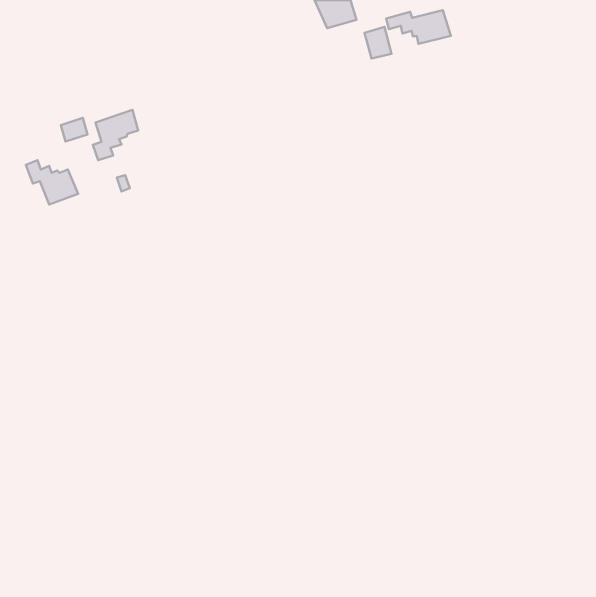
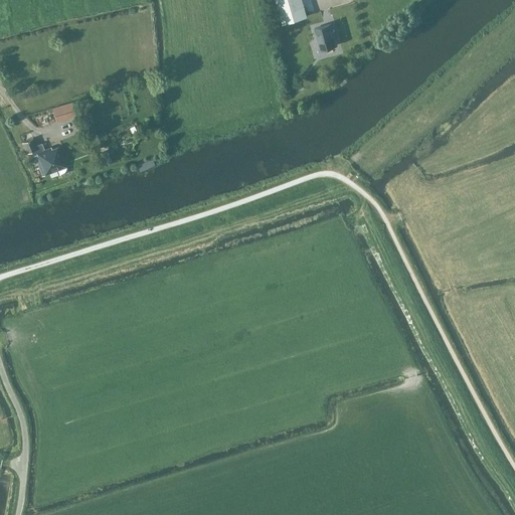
building: [386,10,451,44] -> none
building: [93,110,138,160] -> none

